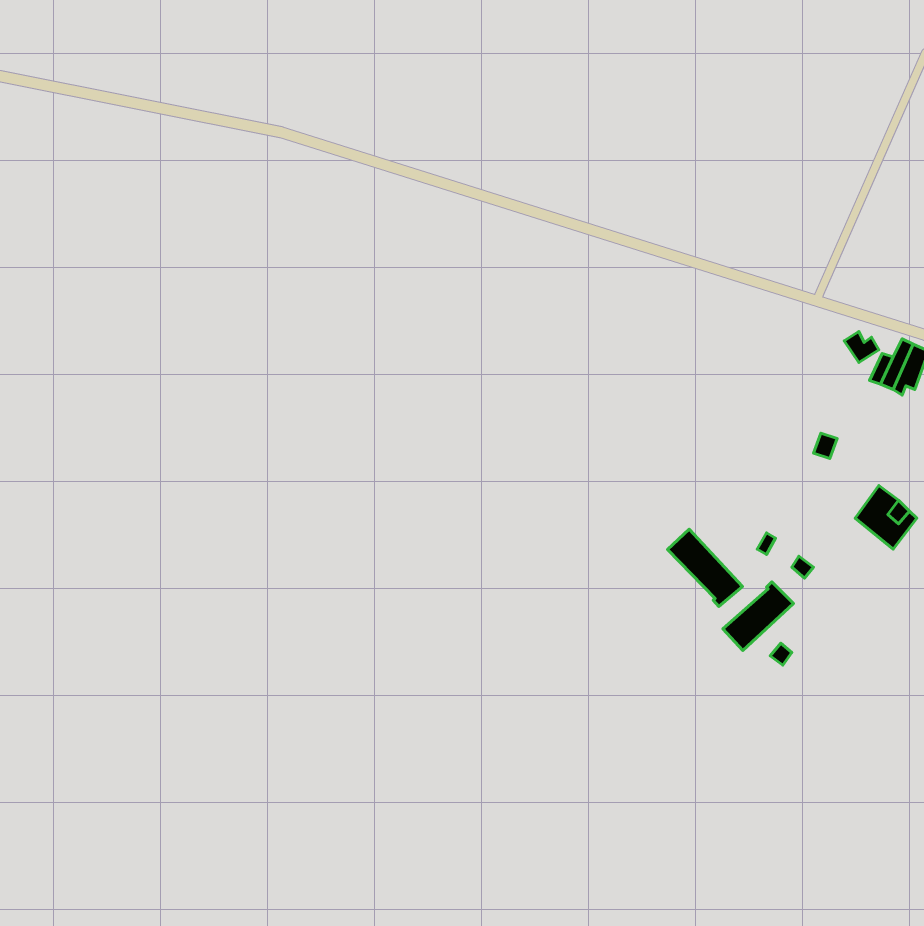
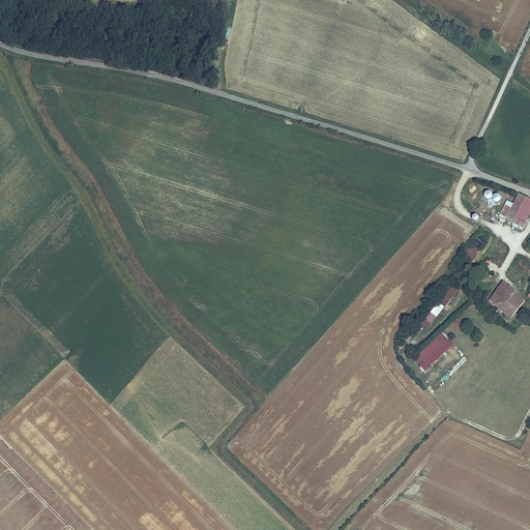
building: [667,529,742,607] -> none

